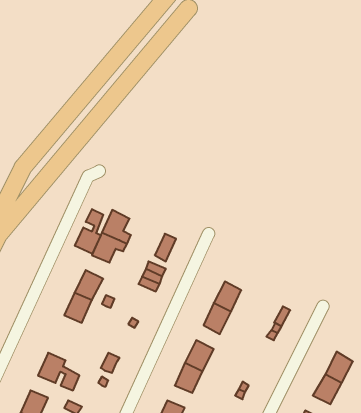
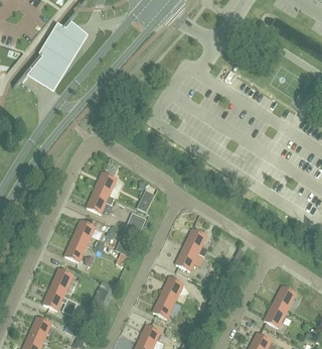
building: none -> [28,22,89,91]
building: [75,209,103,254] -> none
building: none -> [51,266,75,294]

